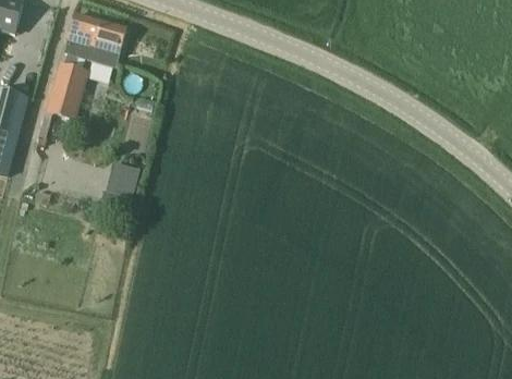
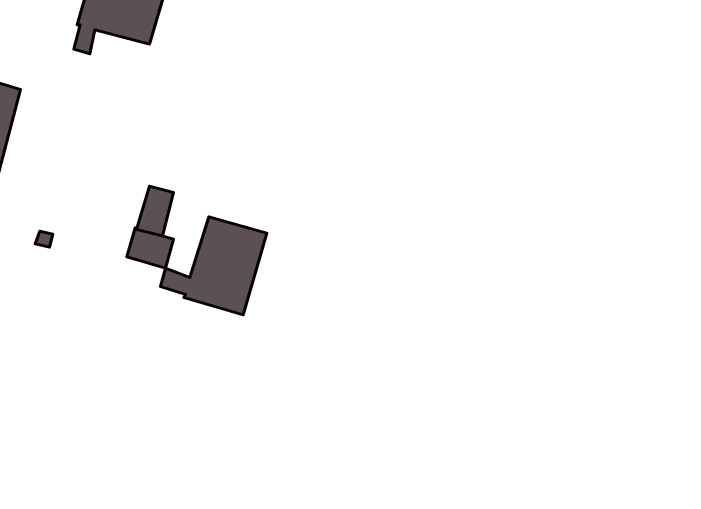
building: [46,66,86,119] -> none
building: none -> [160,217,267,315]

